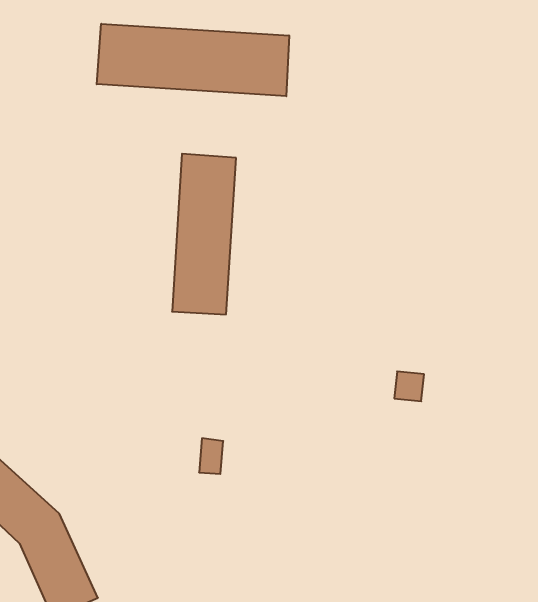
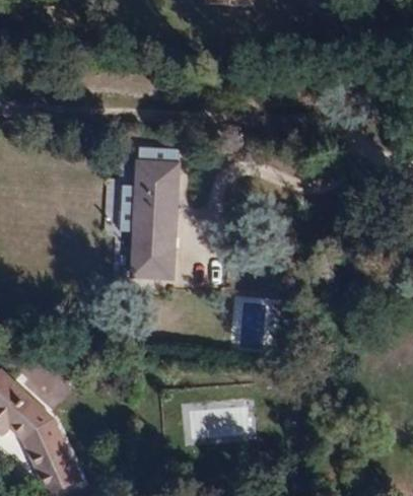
building: [97,24,289,96] -> none

